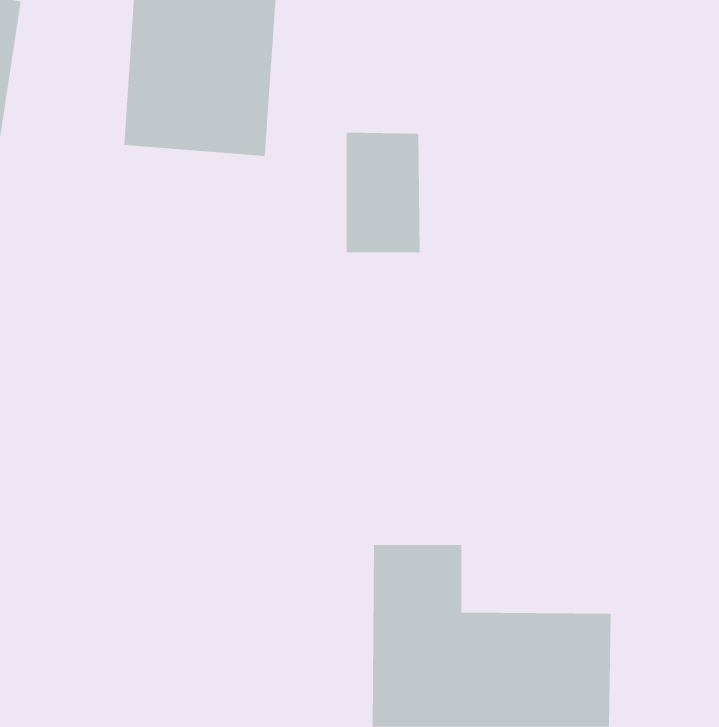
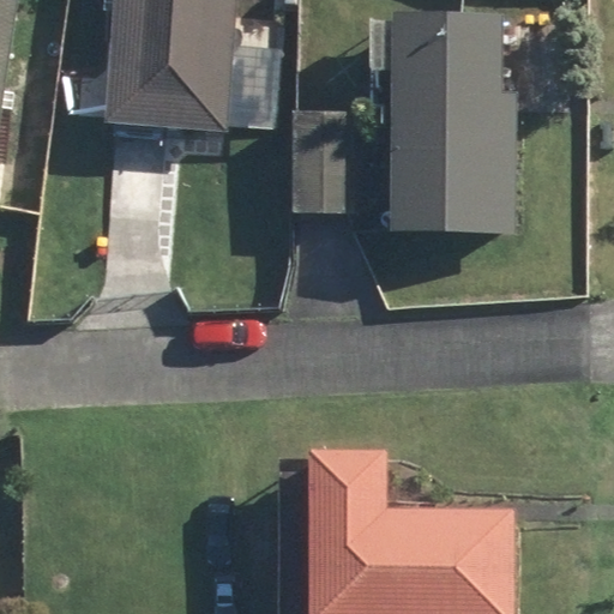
building: none -> [391,13,512,231]

